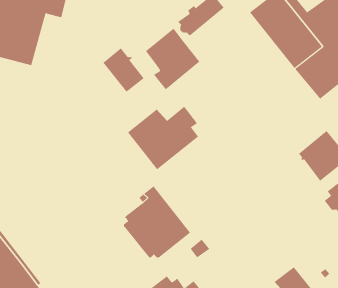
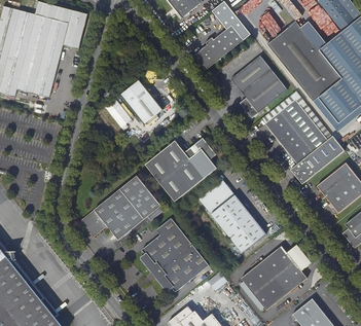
building: [145,28,200,90] -> [231,55,287,117]
building: none -> [265,99,345,184]
building: none -> [81,175,165,240]
building: none -> [198,179,266,253]
building: none -> [240,245,312,310]

